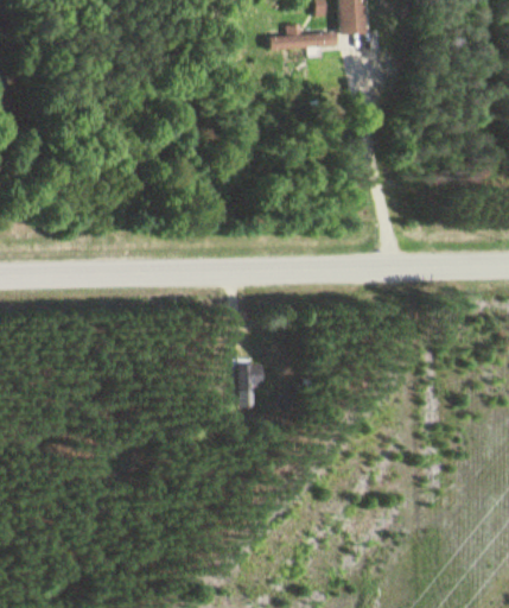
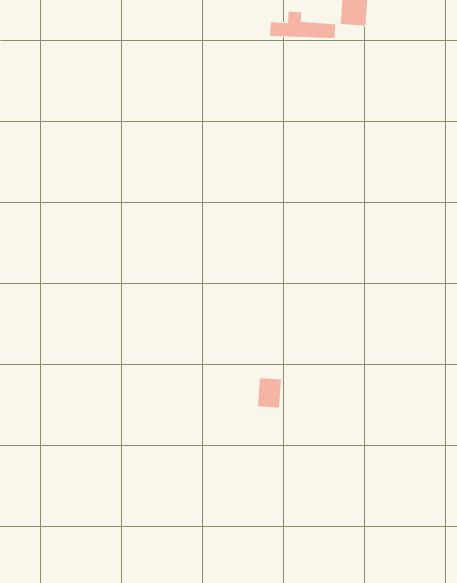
building: [237,362,260,391] -> [257,378,282,408]

